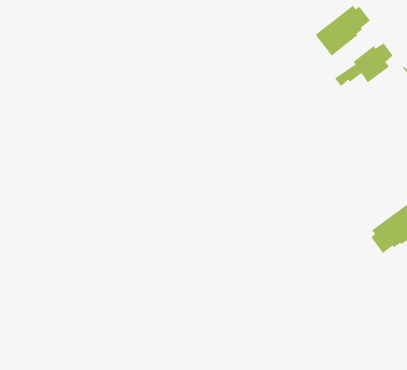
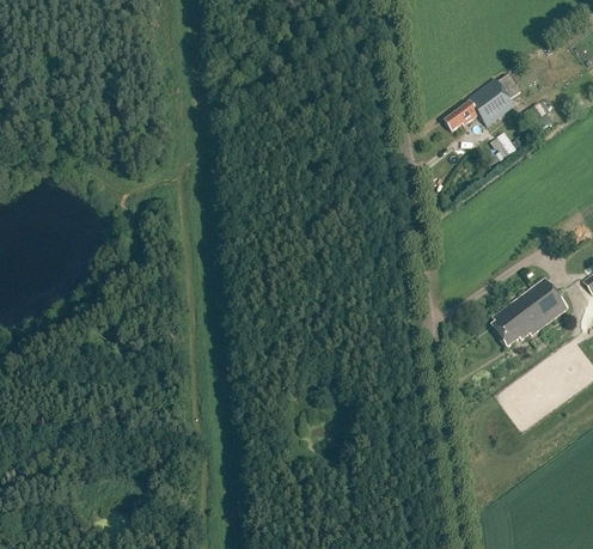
building: [315,5,371,57] -> none

